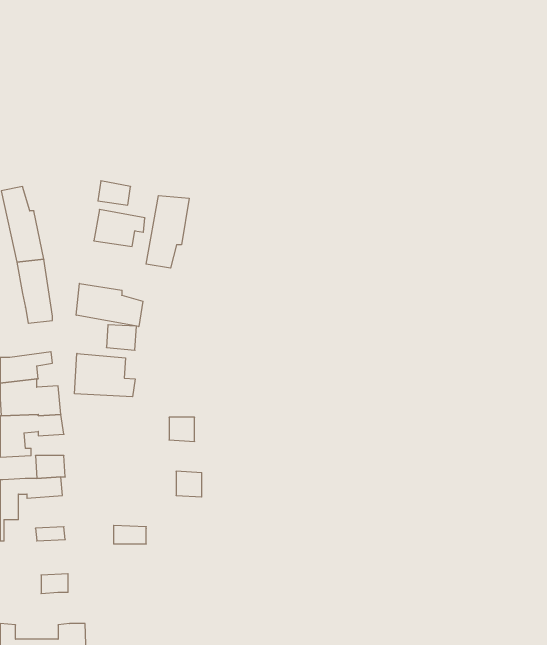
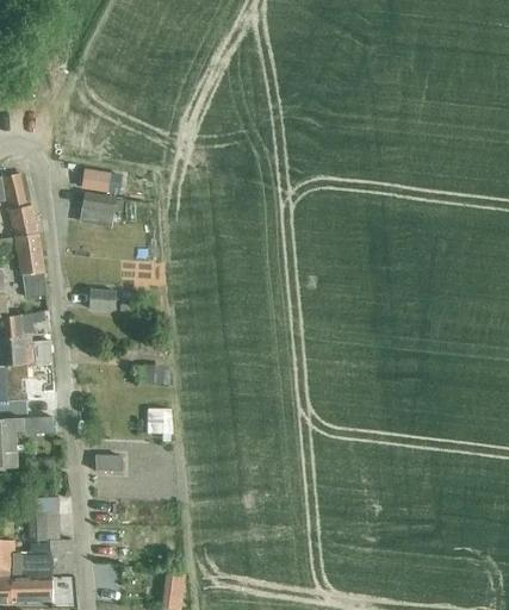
building: [146,196,189,268] -> none
building: [76,283,143,327] -> none
building: [75,353,135,397] -> none
building: none -> [29,513,58,541]

